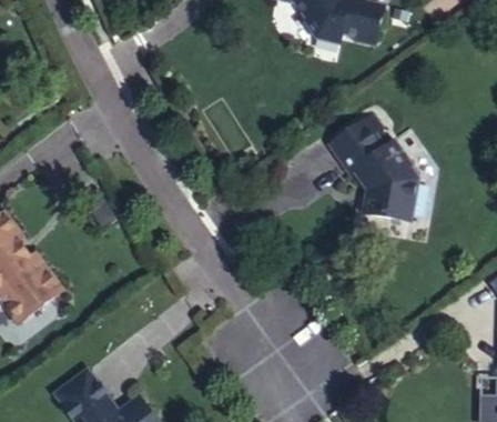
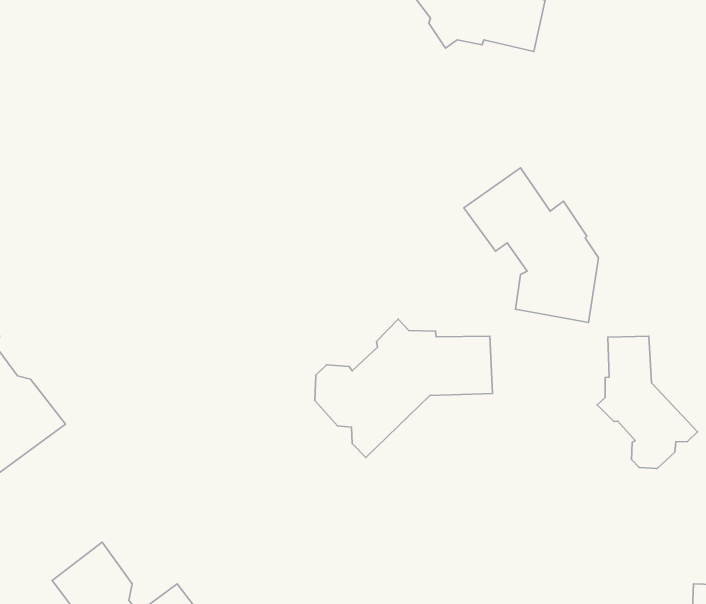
building: none -> [315,319,493,458]
building: none -> [597,336,697,469]

